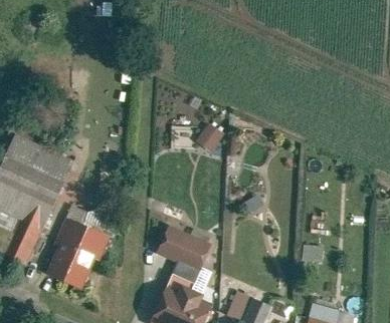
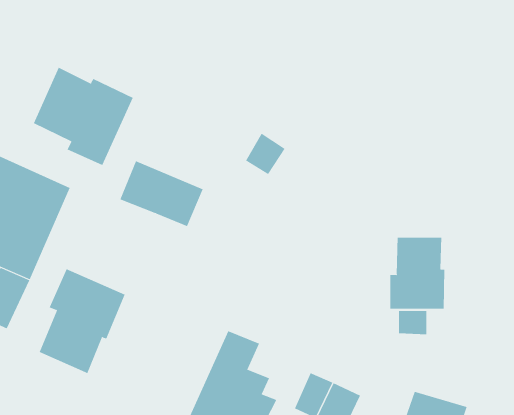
building: none -> [33,67,133,166]
building: none -> [390,237,445,309]
building: [155,223,213,269] -> [120,160,203,227]

